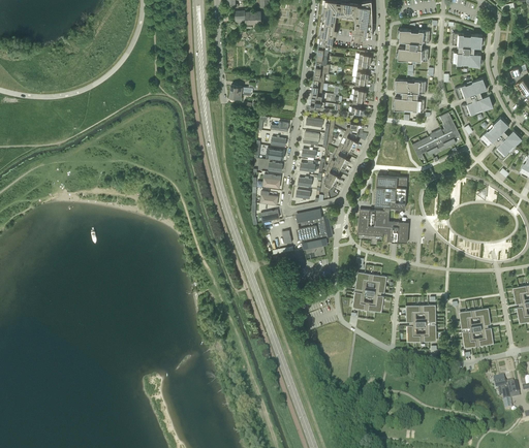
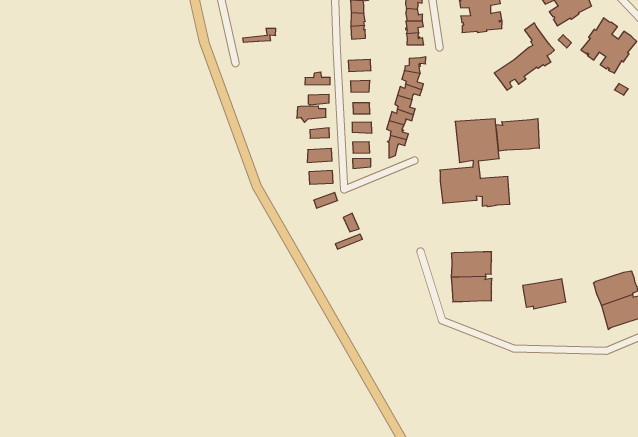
building: none -> [496,119,539,151]
building: [297,212,333,249] -> none
building: [406,323,437,343] -> none

